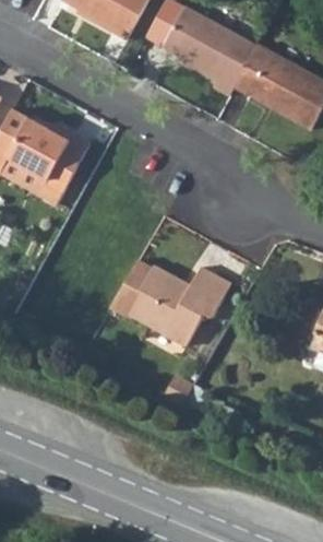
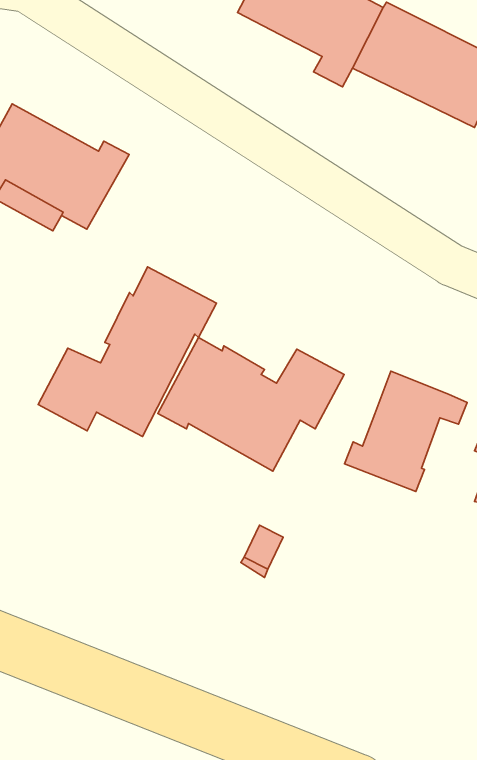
building: none -> [38,267,217,437]
building: none -> [345,371,467,491]

